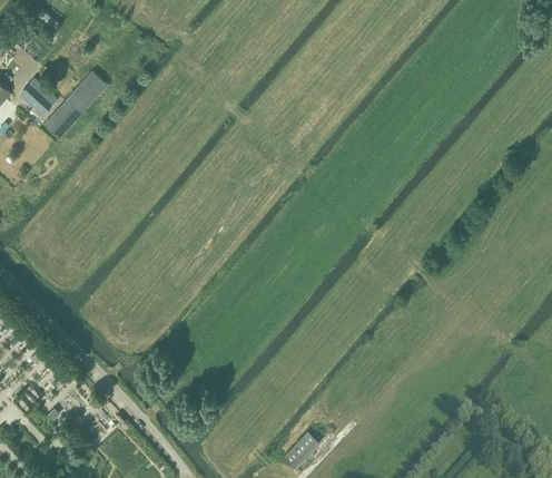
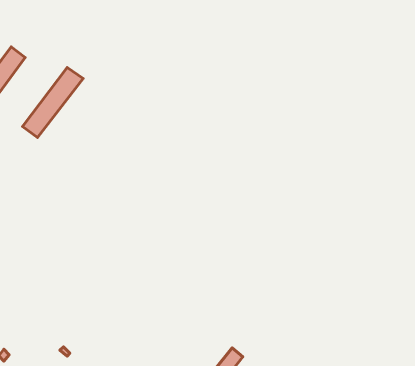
building: none -> [23,68,83,138]

